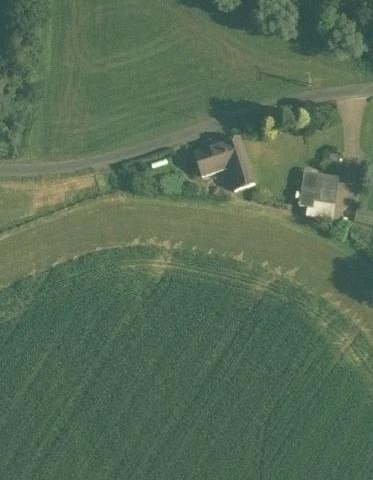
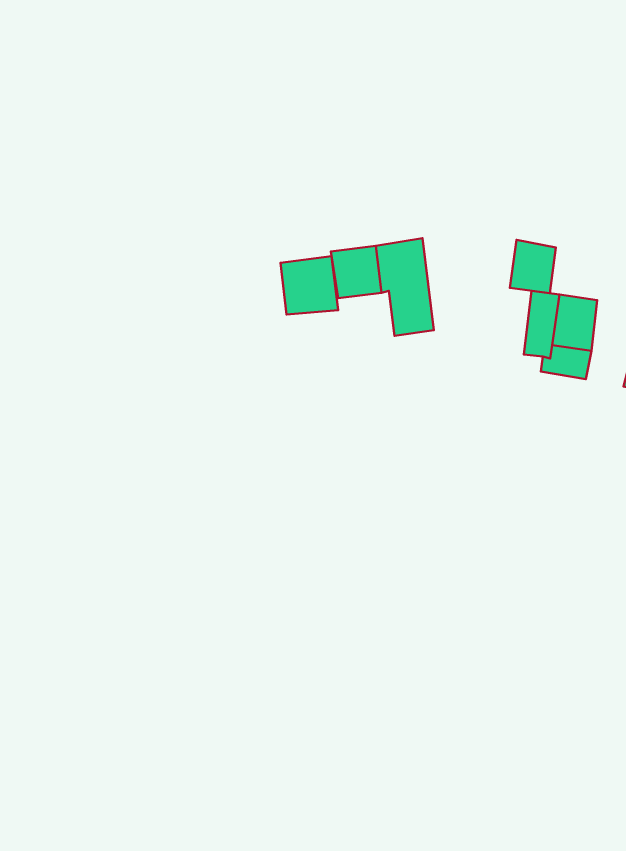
building: none -> [510,240,556,293]
building: none -> [280,256,338,315]

